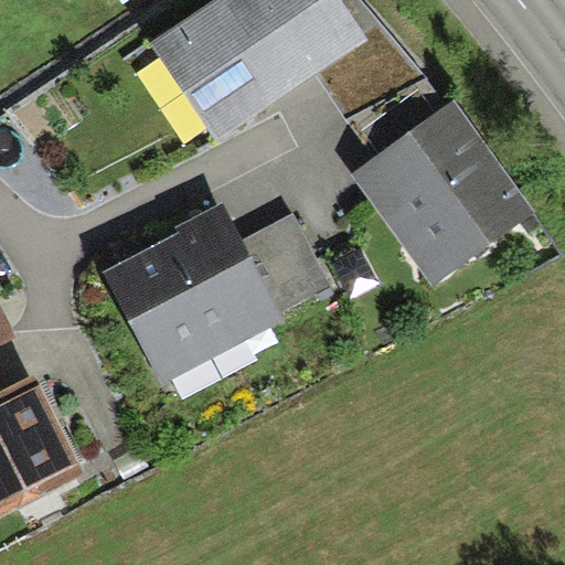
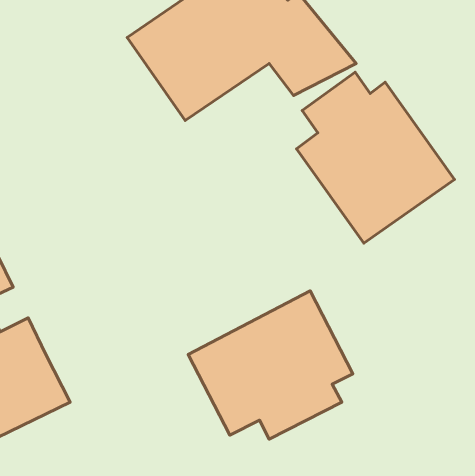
building: [103,204,326,381] -> none
building: none -> [188,291,353,439]

